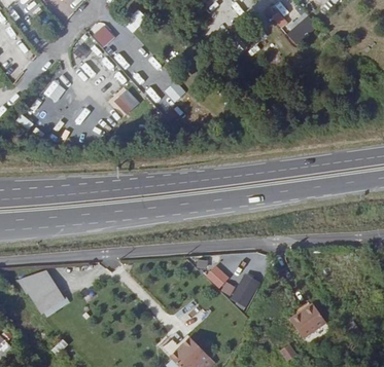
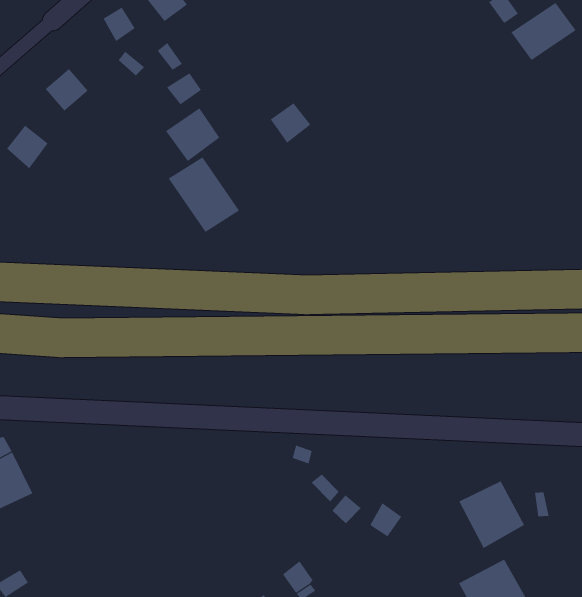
building: none -> [168,156,240,233]
building: none -> [458,480,525,549]

